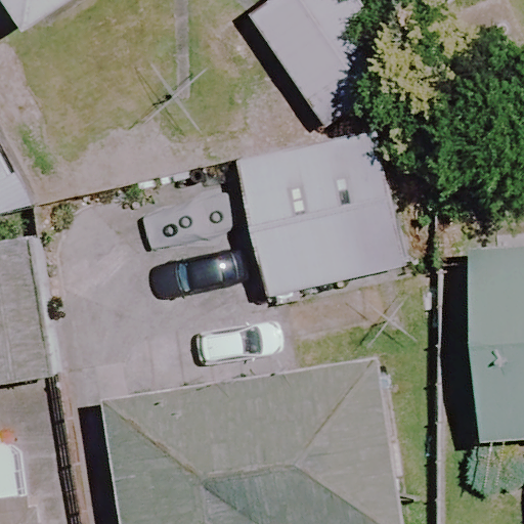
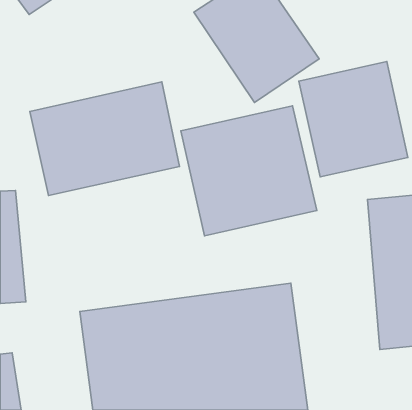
building: none -> [299,61,408,177]
building: none -> [30,82,180,195]

